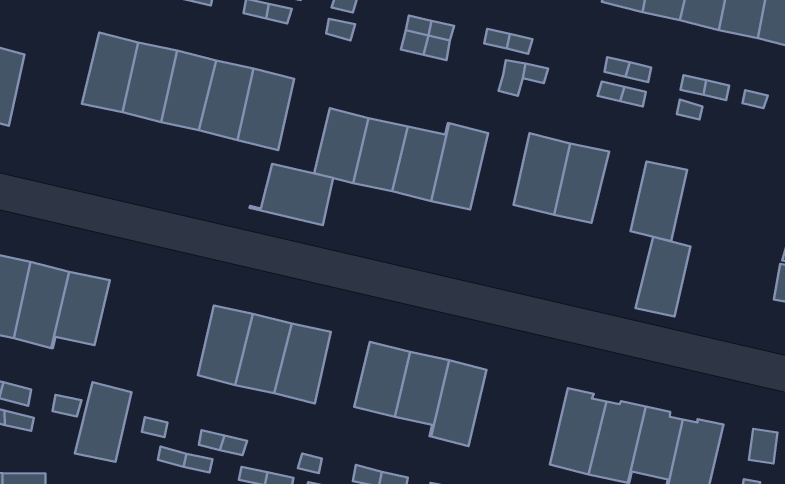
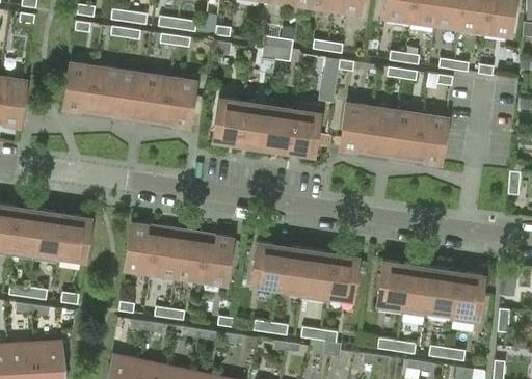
building: [249,164,333,225] -> none
building: [636,237,690,316] -> [390,110,421,159]
building: none -> [324,253,357,302]
building: [75,382,131,462] -> [125,223,157,272]

